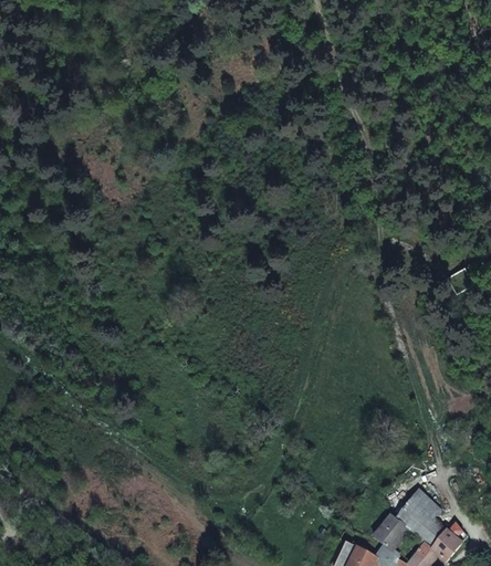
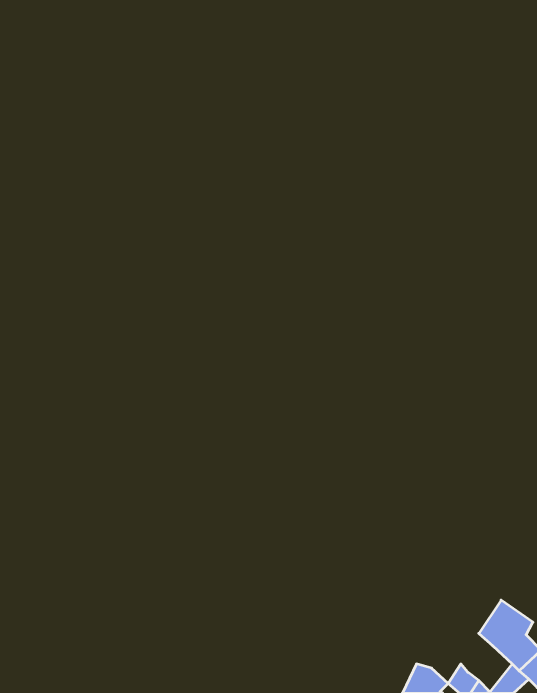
building: [375,513,409,548] -> none

